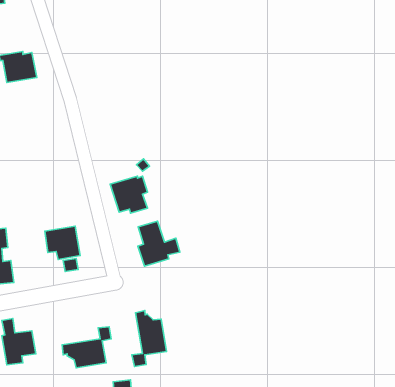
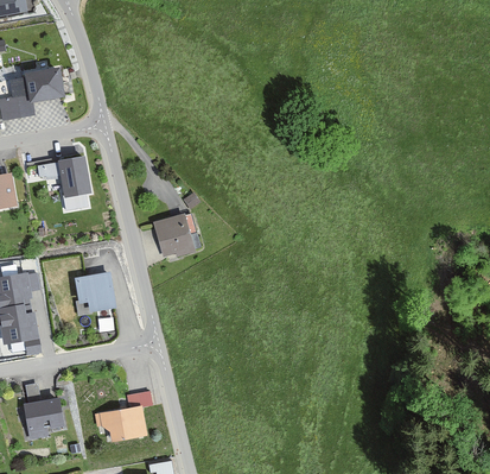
building: none -> [36,157,90,198]
building: [138,221,180,266] -> none
building: [132,310,166,367] -> none

